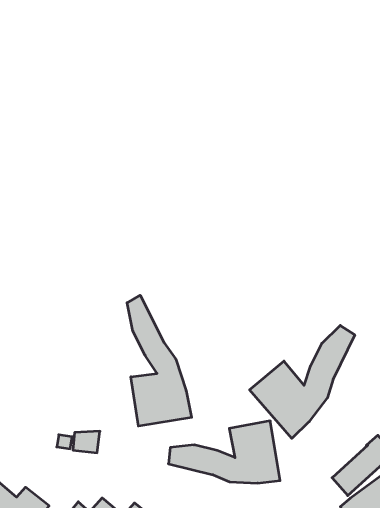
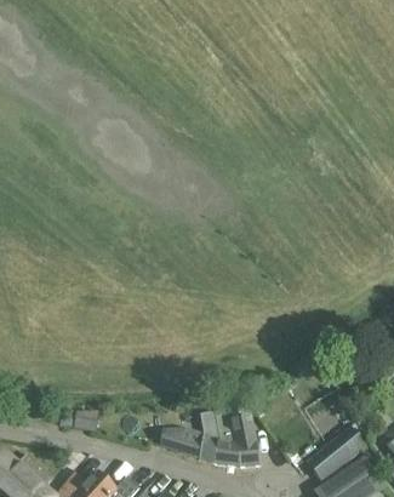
building: [127,295,192,426] -> none
building: [250,325,355,438] -> none

